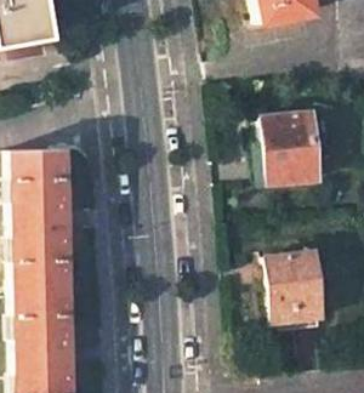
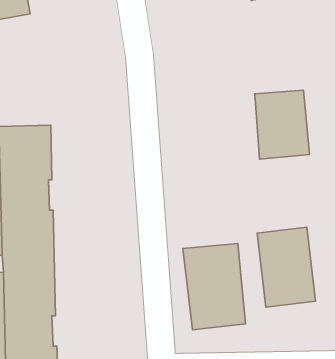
building: none -> [183,244,246,330]

